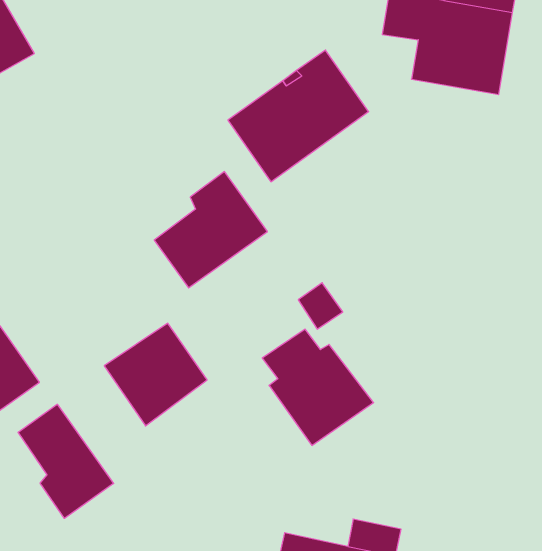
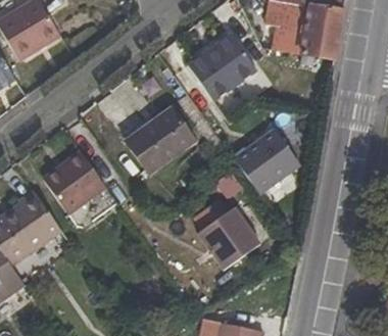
building: none -> [233,127,301,193]
building: [104,323,207,426] -> [43,151,104,212]
building: [18,404,114,518] -> none

